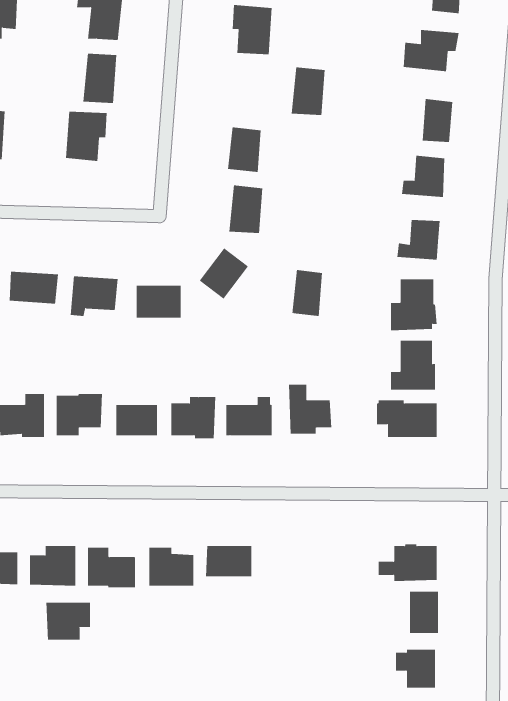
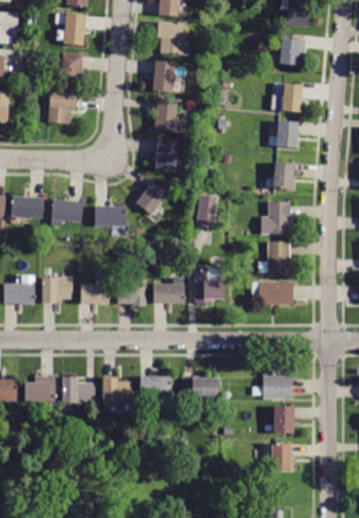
building: [291,67,325,115] -> [152,61,175,92]
building: none -> [184,379,218,398]
building: [46,602,90,641] -> none

